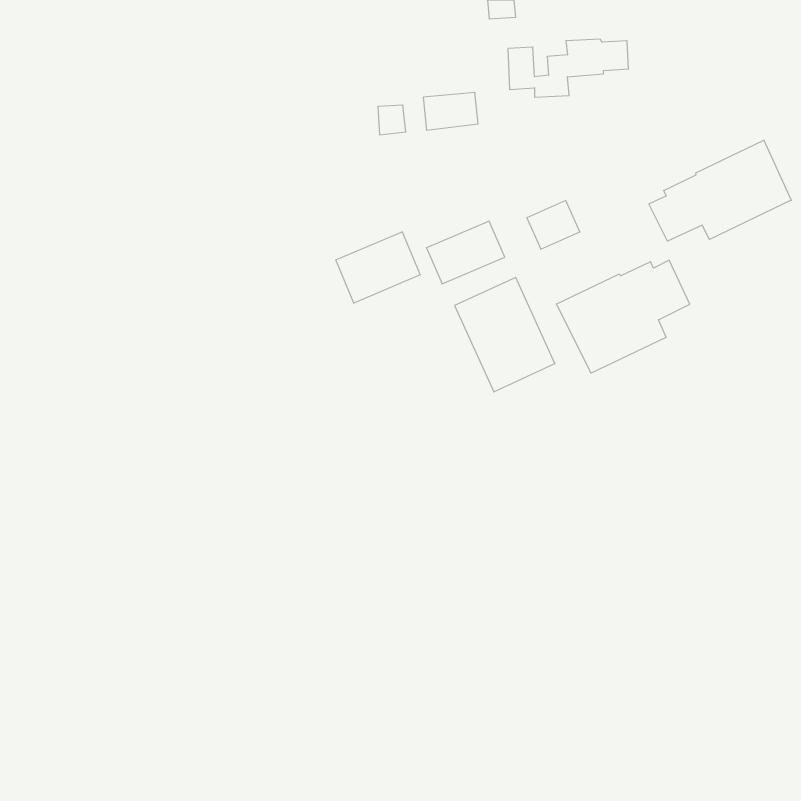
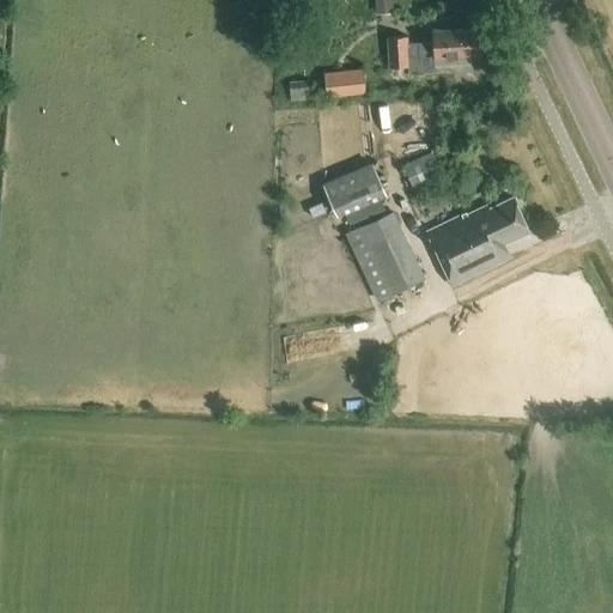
building: [649,140,791,241] -> none
building: [336,232,420,303] -> none

